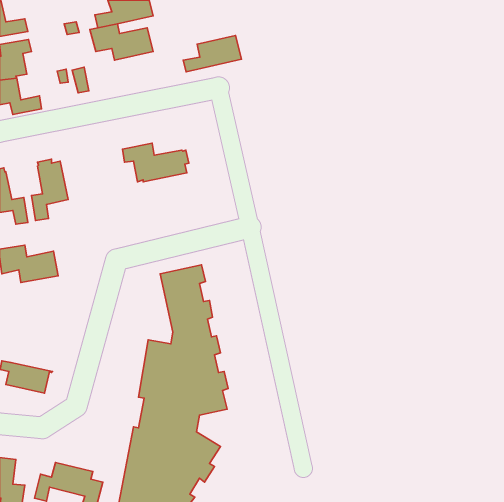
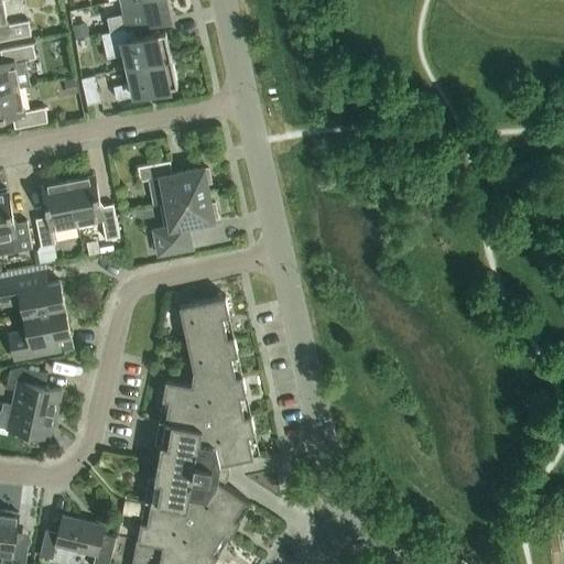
building: [183,35,241,72] -> [112,61,177,101]
building: none -> [67,174,119,242]
building: none -> [149,196,217,260]
building: none -> [8,311,70,362]
building: none -> [6,371,61,417]

